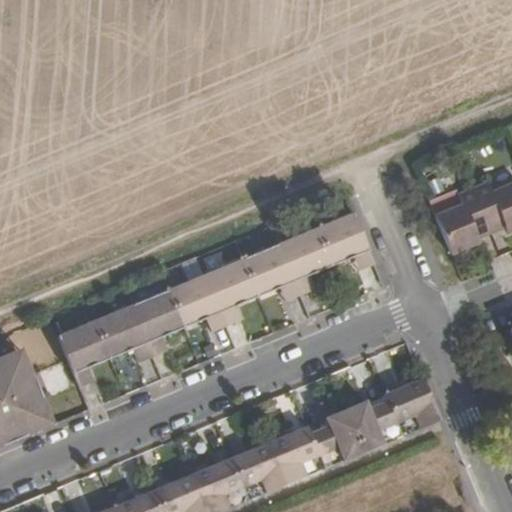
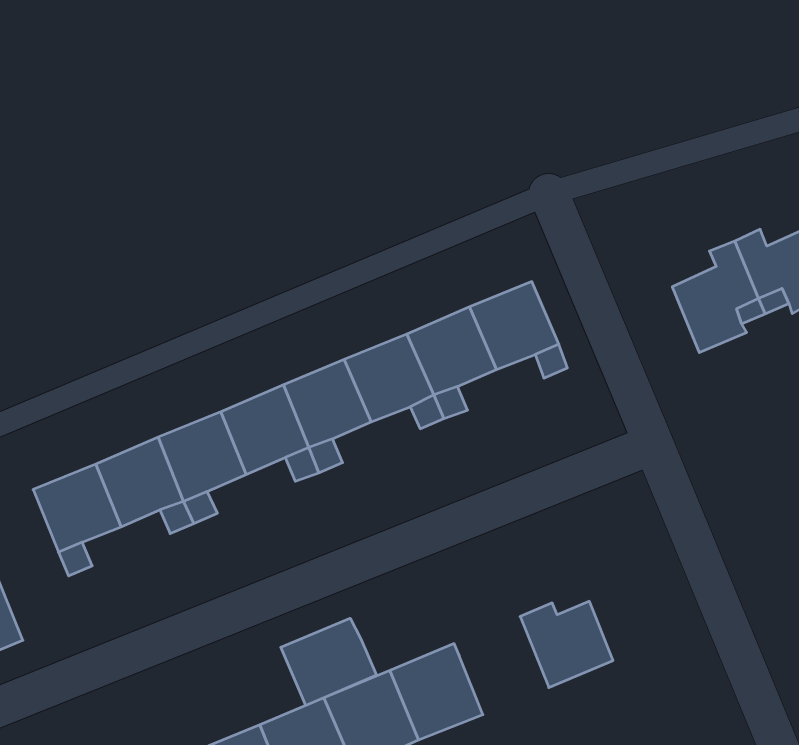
building: [383,378,439,436] -> none
building: [309,410,362,468] -> none
building: none -> [281,618,376,705]

